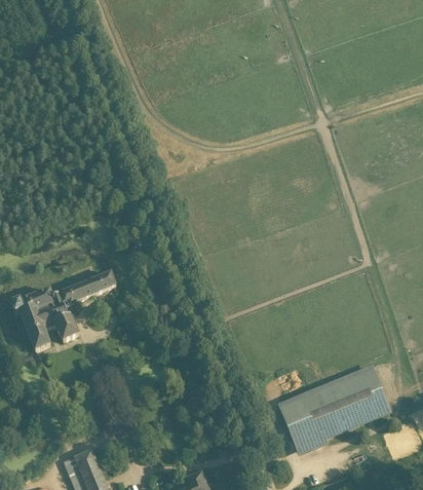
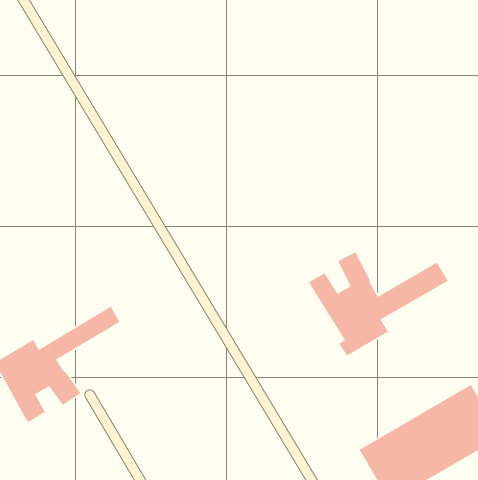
building: none -> [308,251,449,356]

